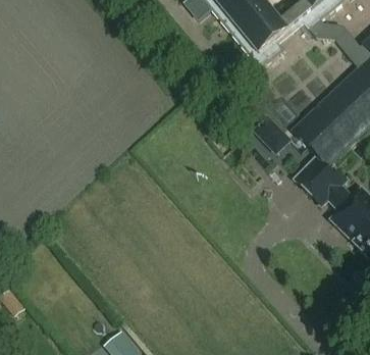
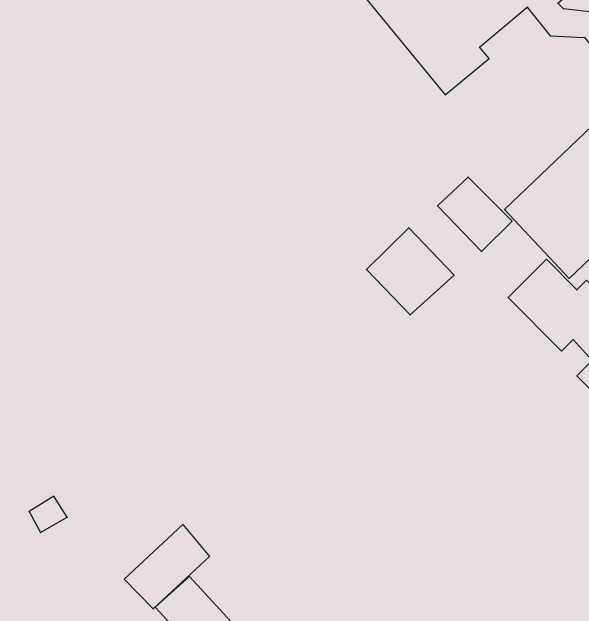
building: none -> [366,228,454,315]
building: none -> [124,525,210,609]

